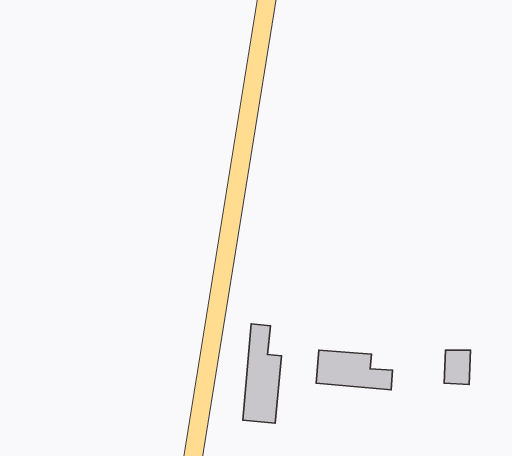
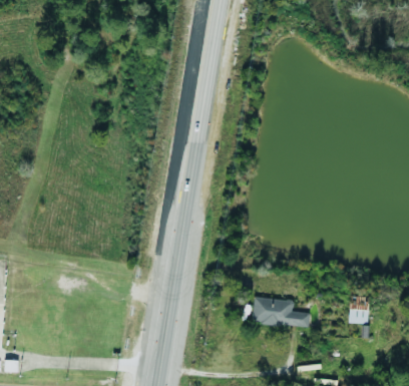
building: [243,324,282,423] -> none

